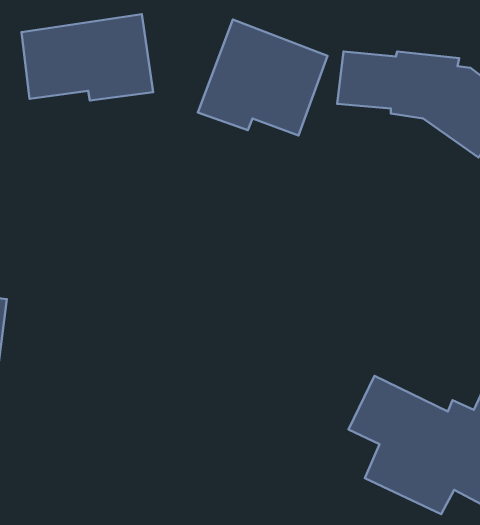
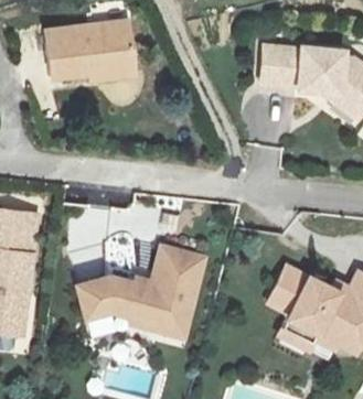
building: [198,20,327,135] -> none
building: none -> [77,248,205,338]

